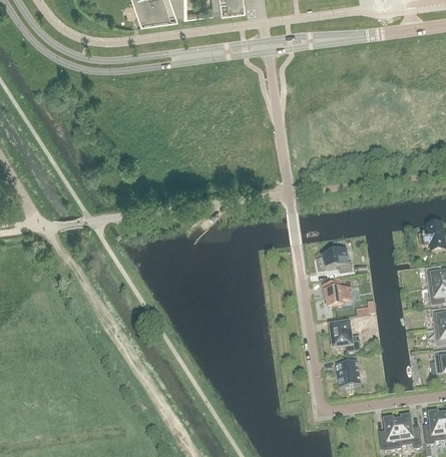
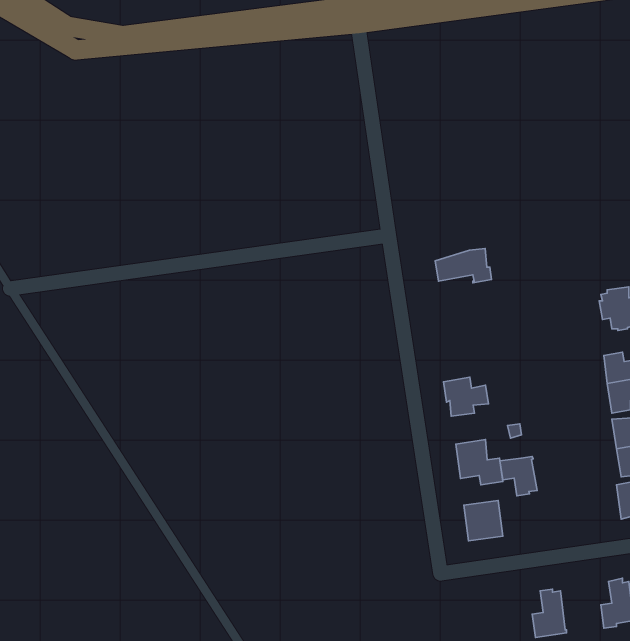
building: [316,249,352,271] -> [435,248,491,283]
building: none -> [500,457,537,496]
building: [398,415,422,447] -> none

